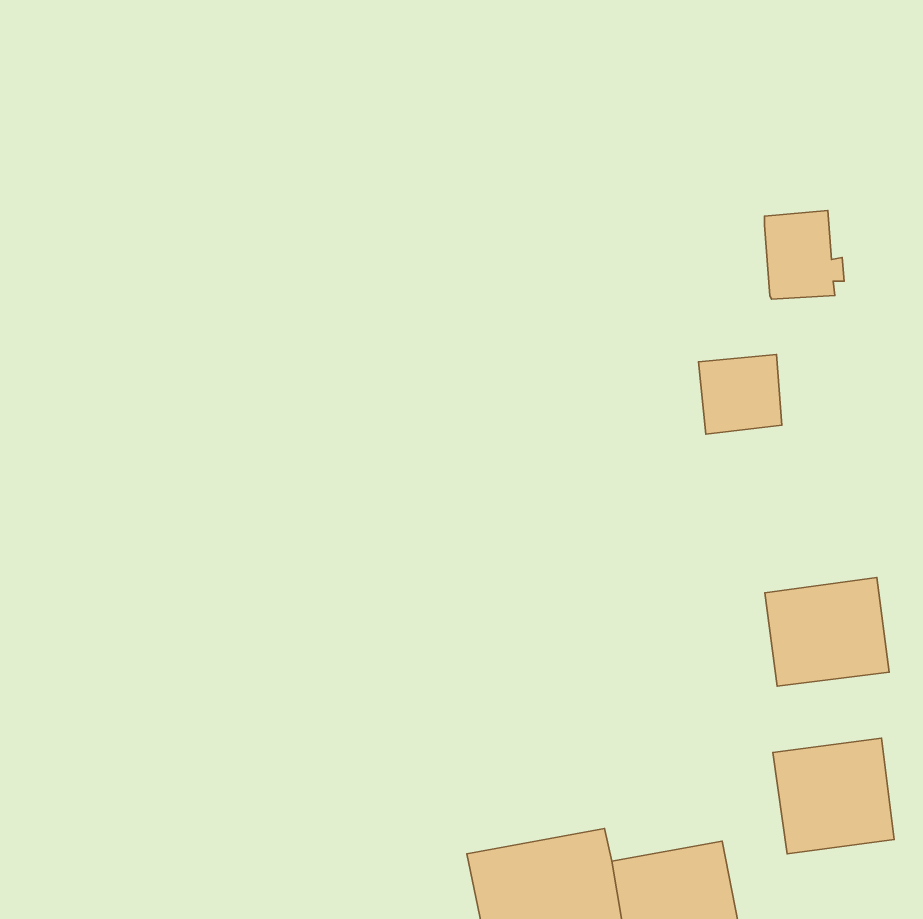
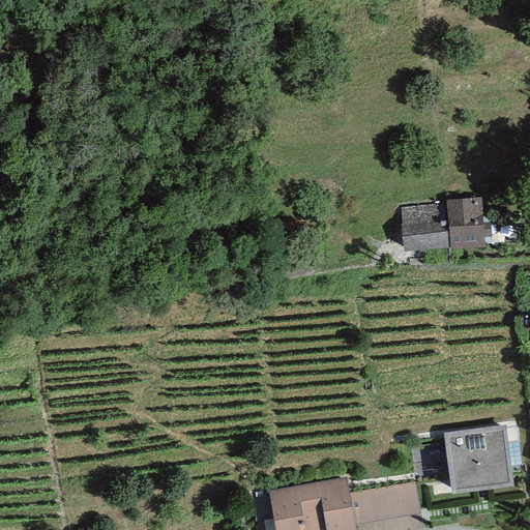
building: [764,211,844,299] -> [444,198,490,248]
building: [765,577,889,686] -> none

